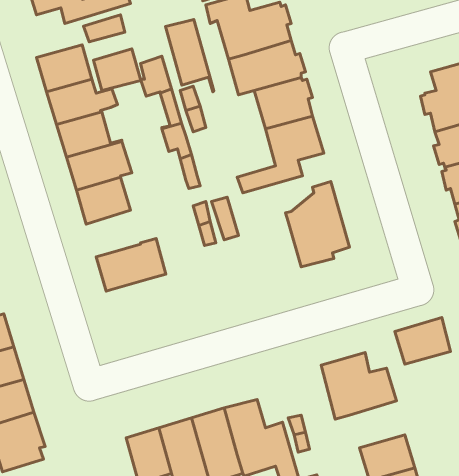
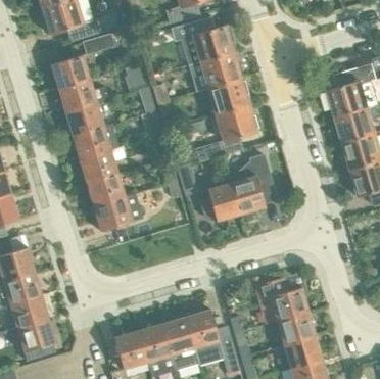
building: [165,19,214,92] -> none
building: [94,49,141,91] -> none
building: none -> [86,173,125,206]
building: none -> [199,181,240,221]
building: [395,317,450,364] -> [275,310,315,343]

